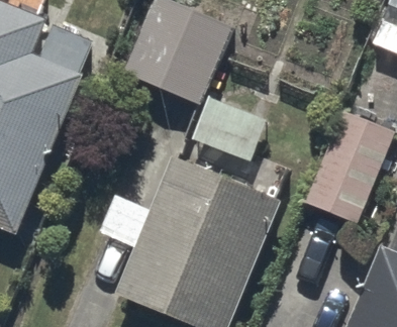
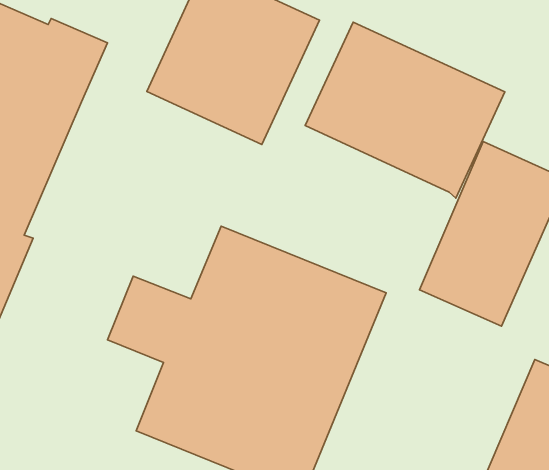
building: none -> [305,22,505,198]

